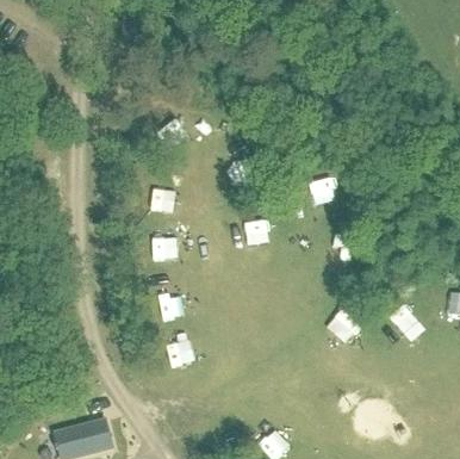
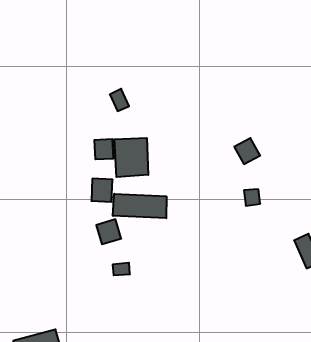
building: none -> [115,138,148,177]
building: none -> [113,194,166,218]

